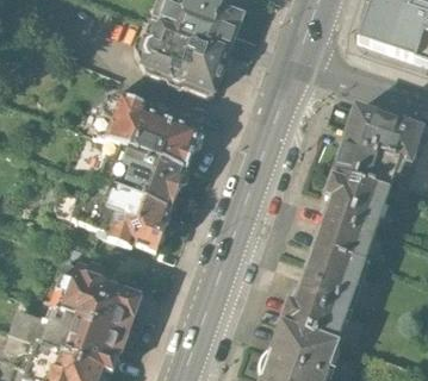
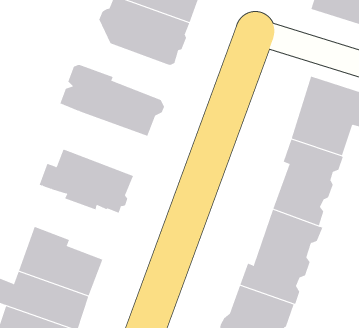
building: [100,140,188,207] -> none

